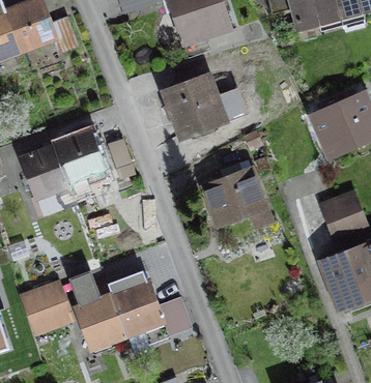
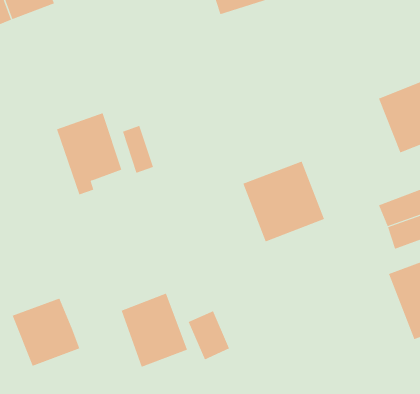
building: [165,71,233,140] -> none
building: [12,140,70,201] -> none
building: [65,288,121,349] -> none

